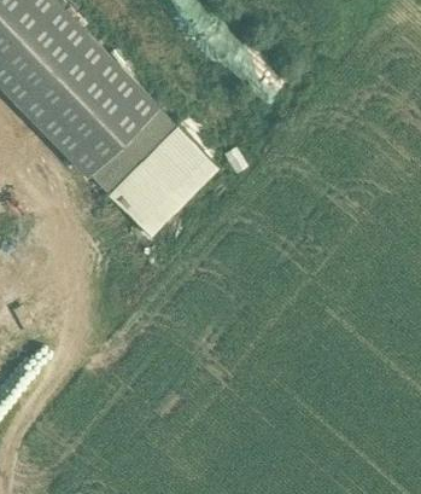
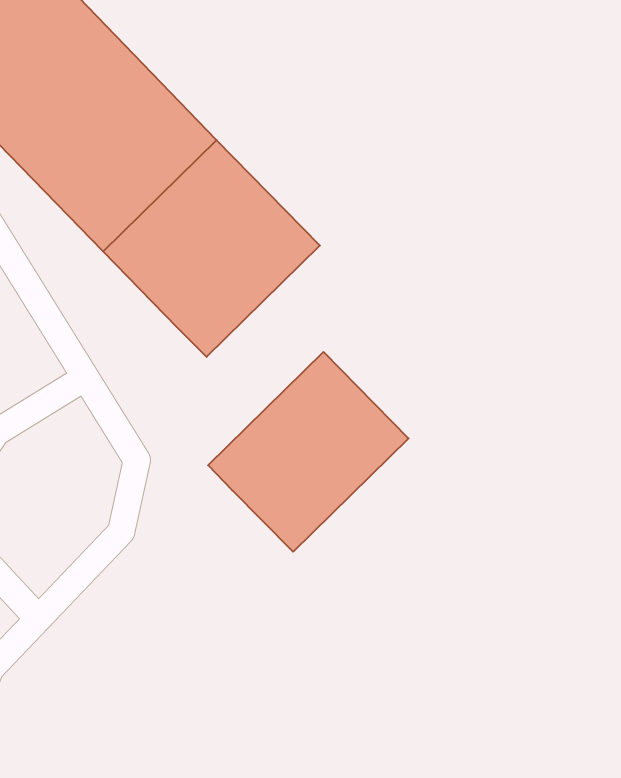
building: none -> [208,352,409,552]

